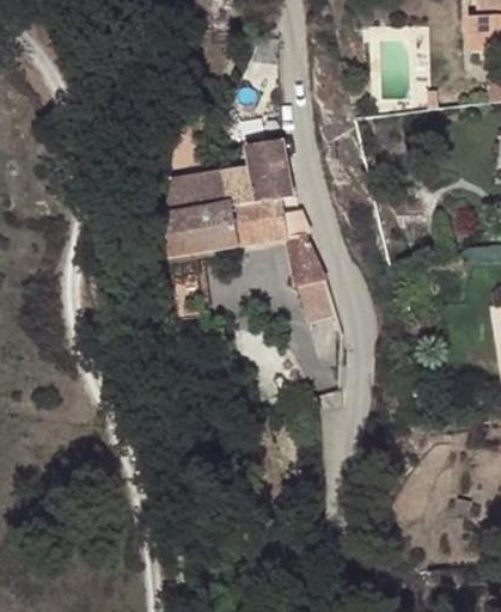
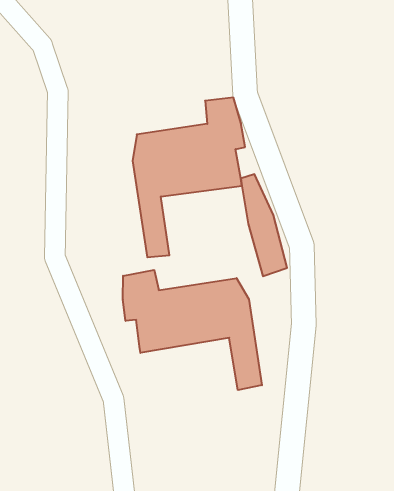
building: none -> [123,270,262,390]

